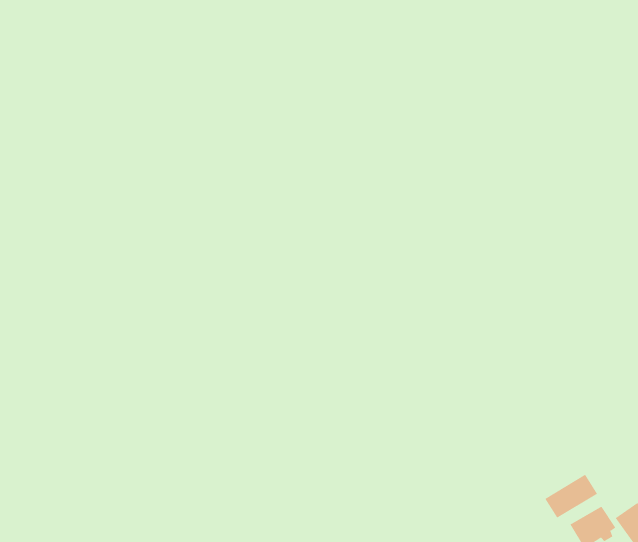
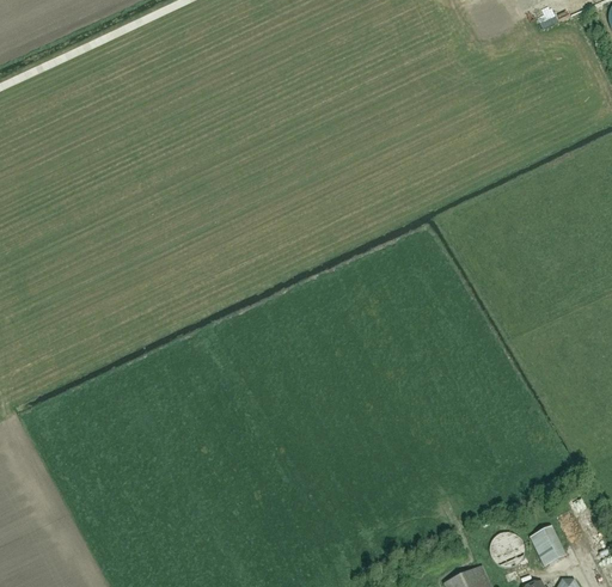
building: [544,474,598,519] -> none

